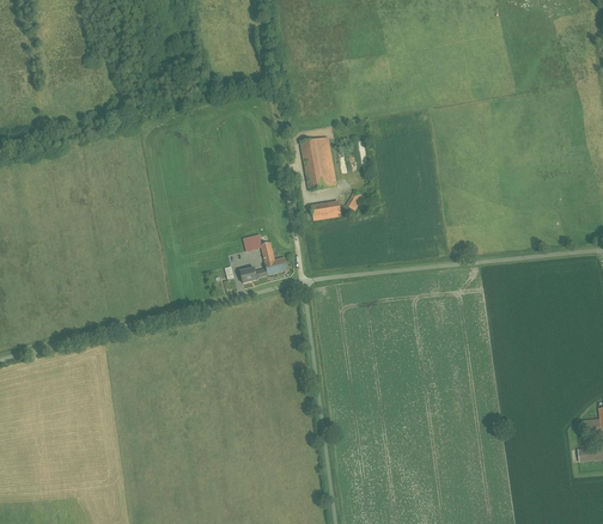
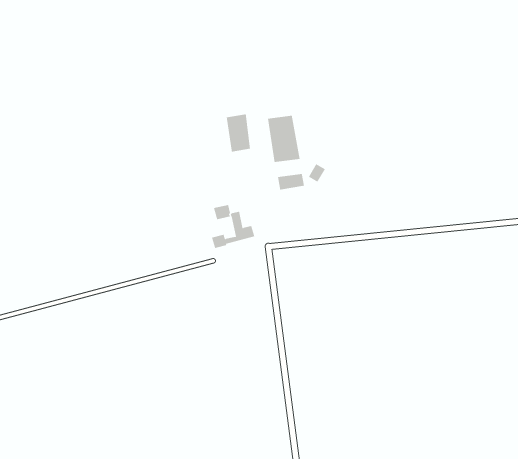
building: none -> [226,113,251,152]

